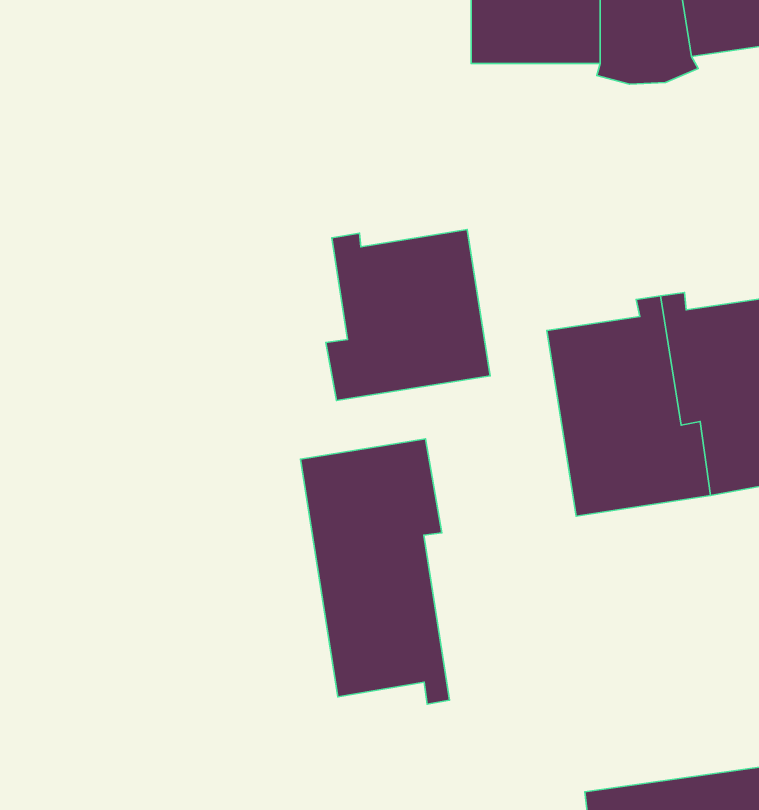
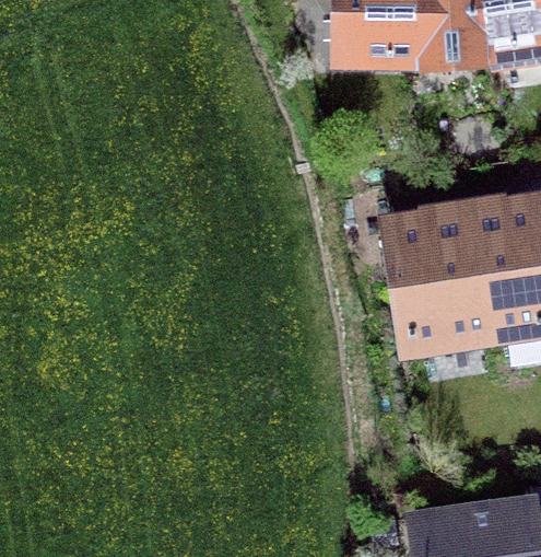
building: [326,229,490,400] -> none
building: [300,439,450,704] -> none

